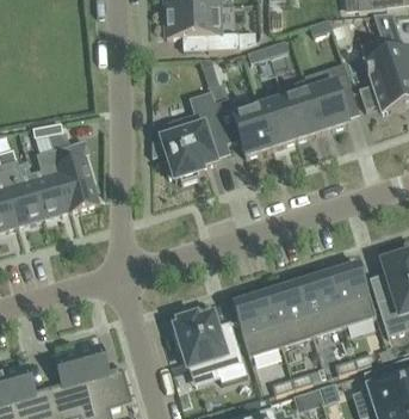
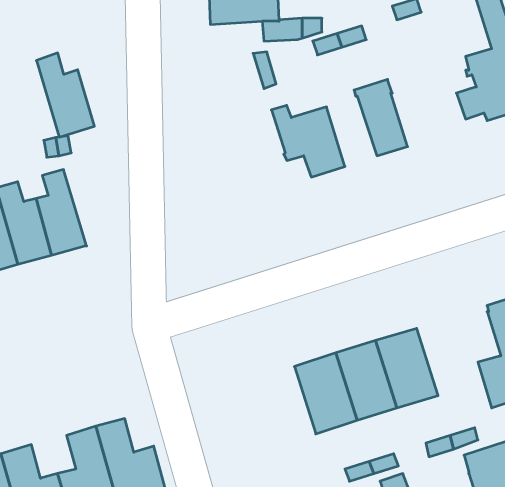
building: [308,81,348,131] -> none
building: [161,92,225,181] -> none
building: [258,92,297,147] -> none
building: [52,143,98,209] -> [36,53,94,137]
building: [328,263,377,326] -> none
building: [172,315,243,370] -> none

